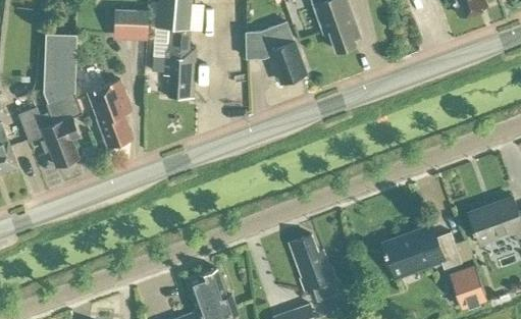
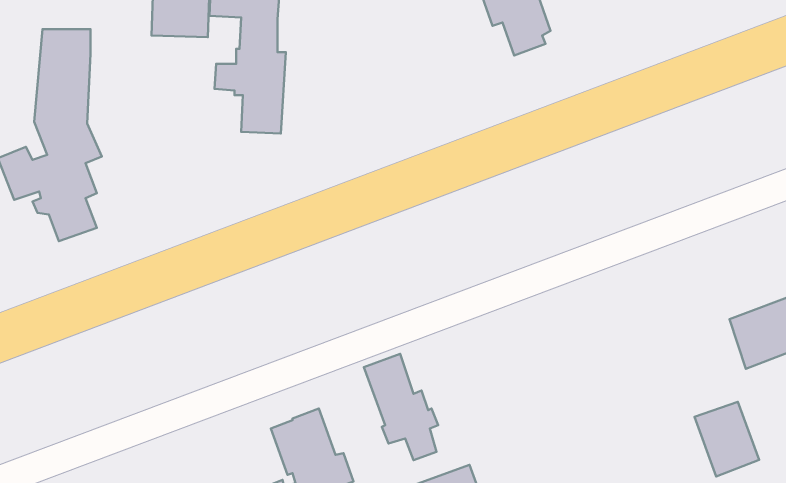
building: [246,21,306,82] -> none
building: [88,81,132,146] -> none
building: [383,225,461,275] -> none
building: [290,234,335,300] -> [364,354,438,460]

